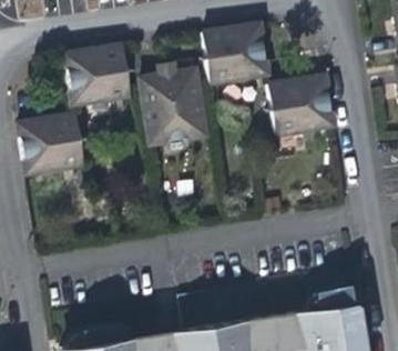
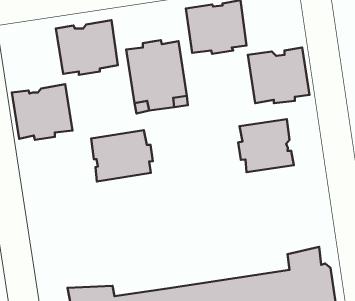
building: none -> [238,119,294,172]
building: none -> [91,130,153,181]

